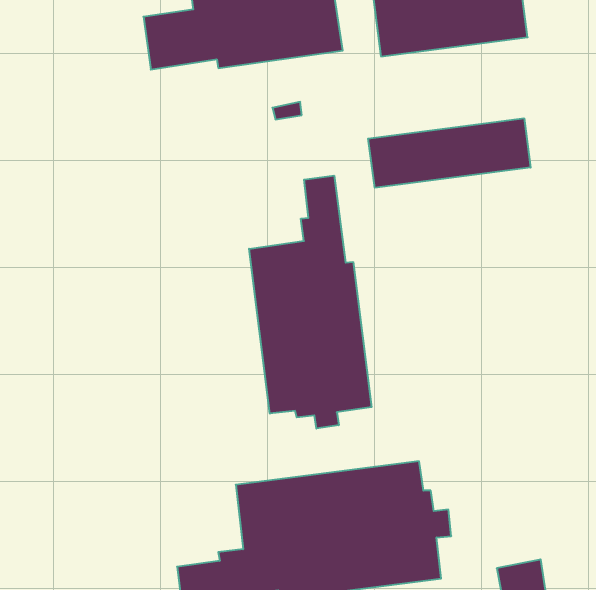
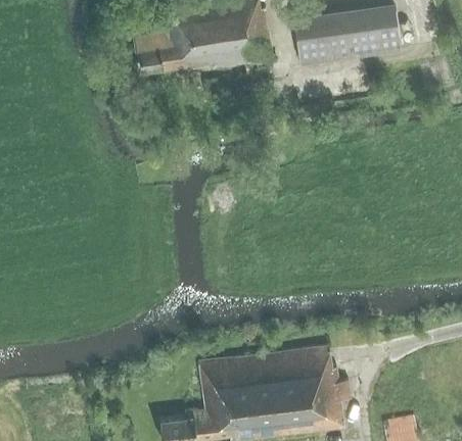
building: [368,118,531,188] -> none
building: [249,176,372,429] -> none

